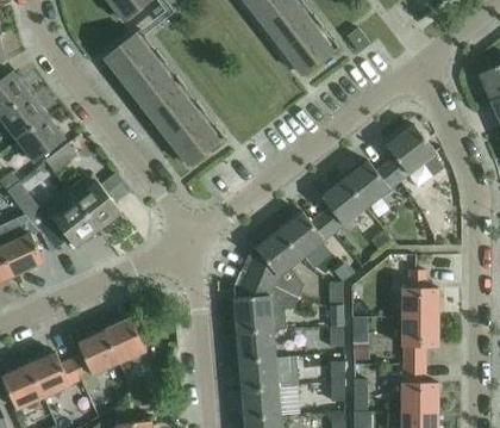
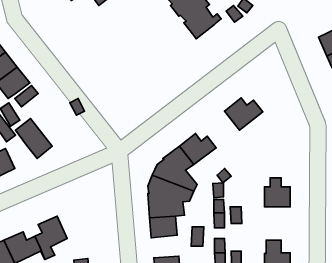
building: [105,30,225,166] -> none
building: [386,125,443,181] -> none
building: [67,175,121,230] -> none
building: [319,180,365,232] -> none
building: [401,317,438,365] -> none
building: [105,318,146,362] -> none
building: [239,358,288,390] -> none

